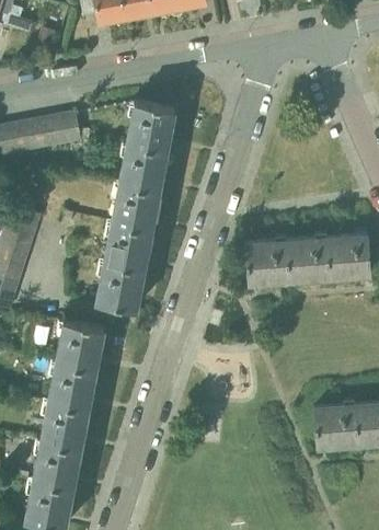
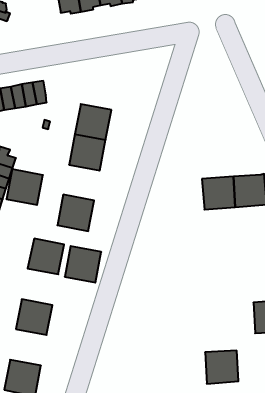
building: [126,102,174,150] -> none
building: [103,222,151,269] -> [6,169,43,205]
building: [244,241,289,285] -> none
building: [48,359,96,407] -> [65,246,101,283]
building: [312,404,356,448] -> [205,351,238,384]
building: [33,439,81,487] -> none

